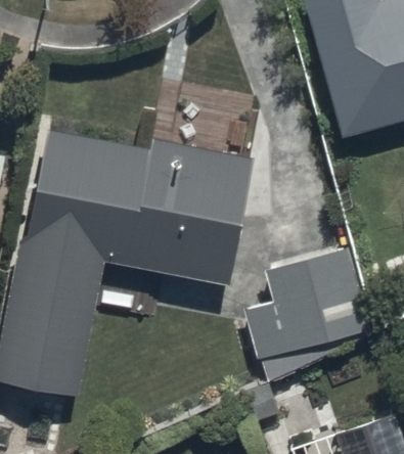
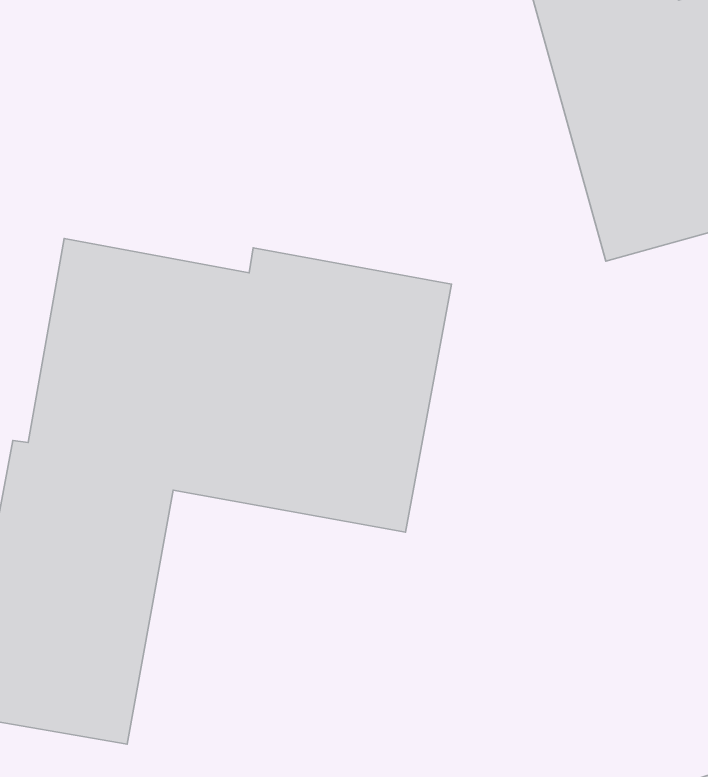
building: [243,247,367,381] -> none

